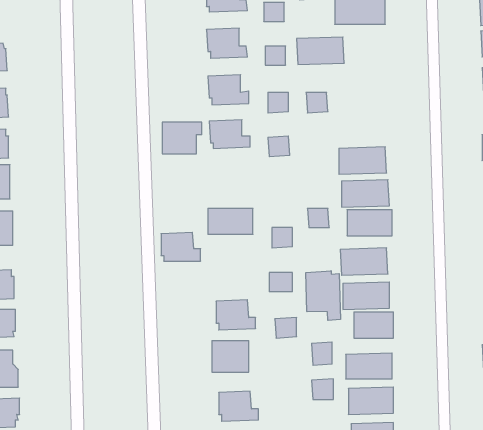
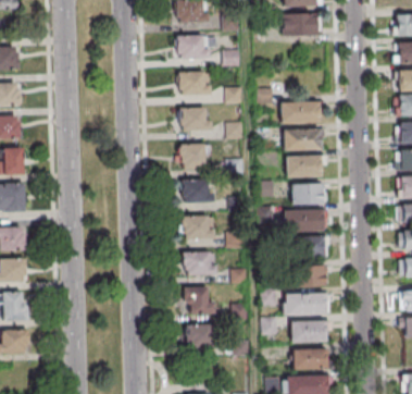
building: [297,37,344,64] -> [282,104,320,126]
building: [162,122,202,154] -> [178,143,210,168]
building: [161,232,201,261] -> [184,218,215,241]
building: [306,271,340,320] -> none

